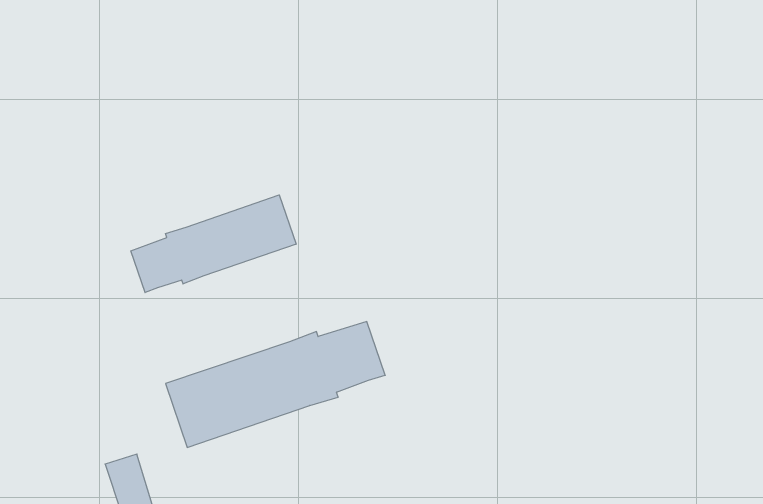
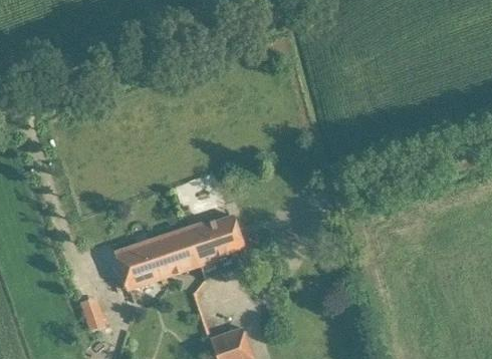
building: [131,195,296,293] -> none

